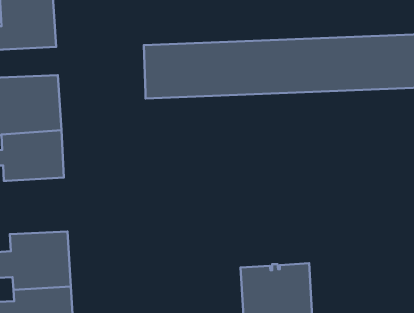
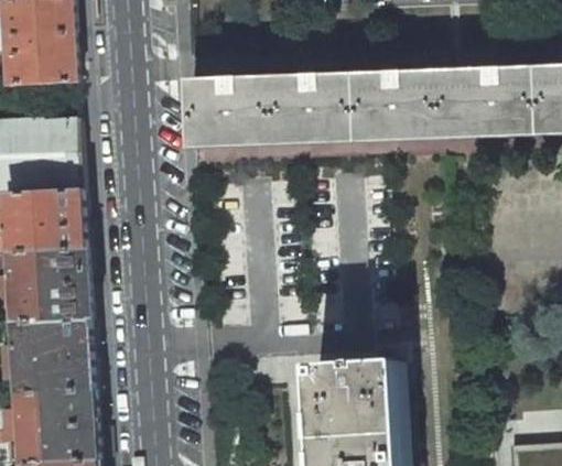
building: none -> [9,248,87,321]

